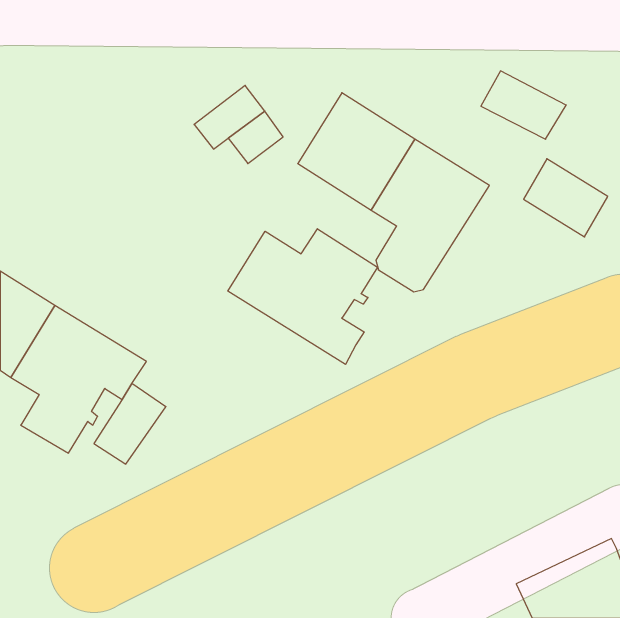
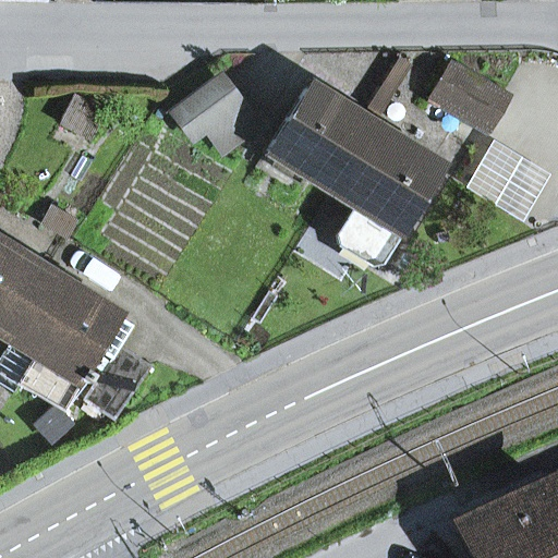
building: [228,229,377,364] -> none

